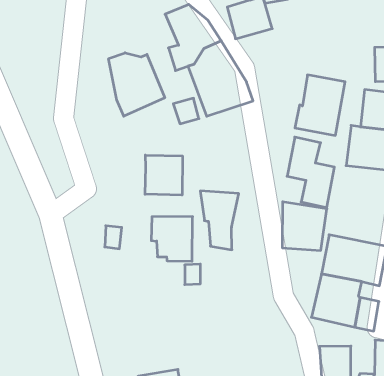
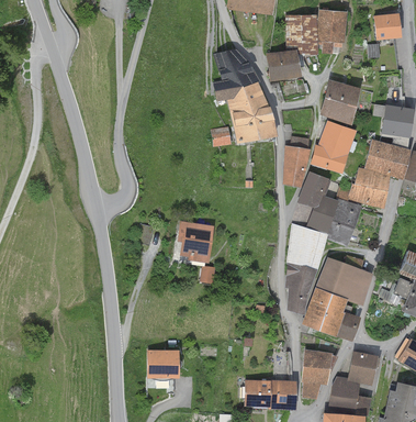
building: none -> [319,79,361,123]
building: [109,53,165,116] -> none
building: none -> [282,145,311,187]
building: [145,155,182,195] -> none
building: none -> [326,198,361,246]
building: [200,191,239,250] -> [285,262,317,314]

